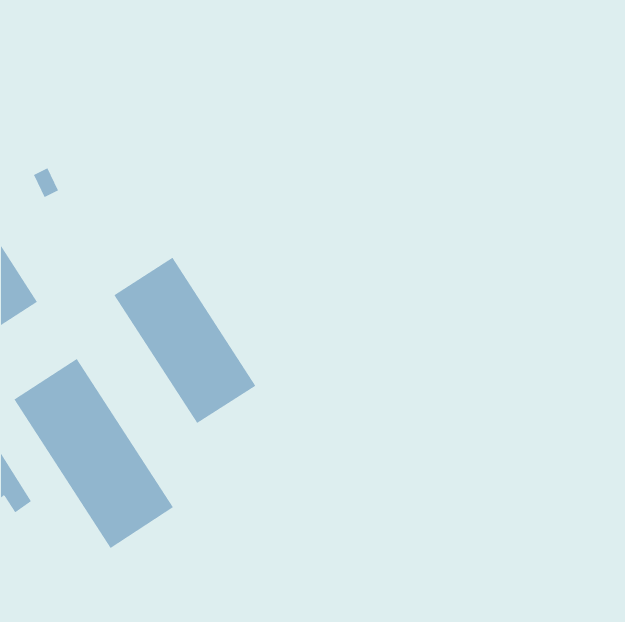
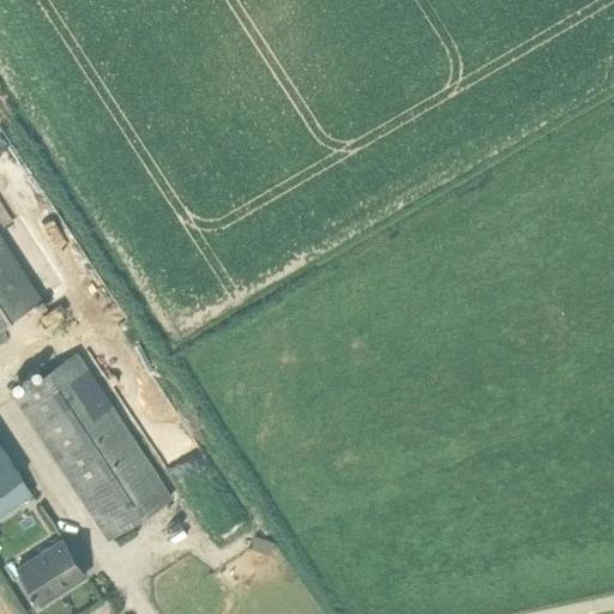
building: [113,257,256,424] -> none
building: none -> [17,540,85,602]

